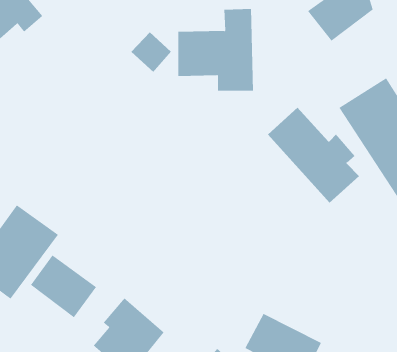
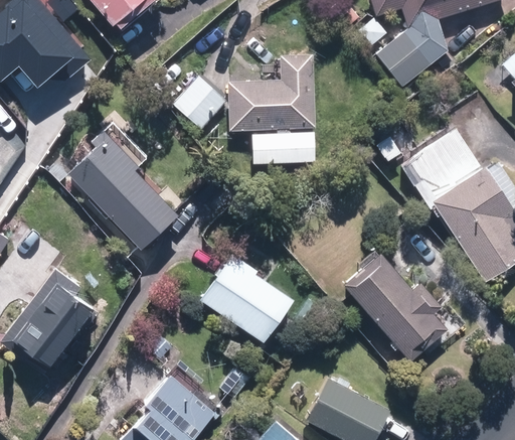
building: none -> [71,133,184,243]
building: [267,107,360,204] -> [341,257,443,362]
building: none -> [200,251,294,340]
building: [30,254,97,318] -> none

